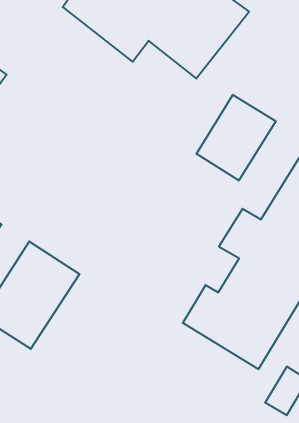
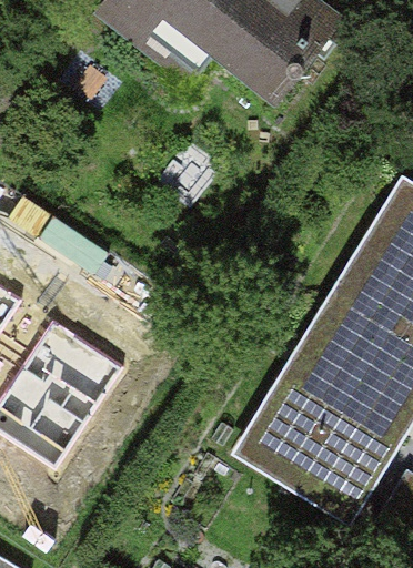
building: [197,95,276,181] -> none

